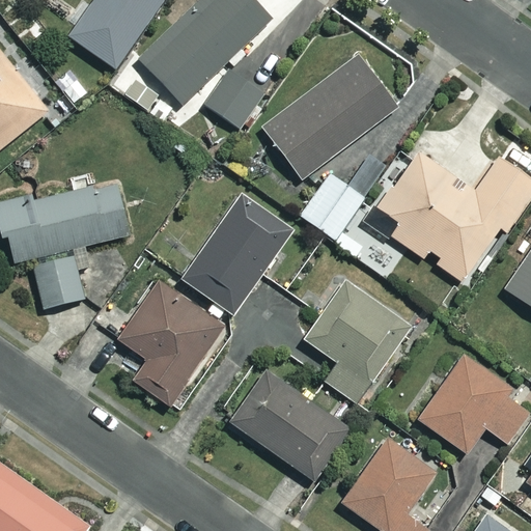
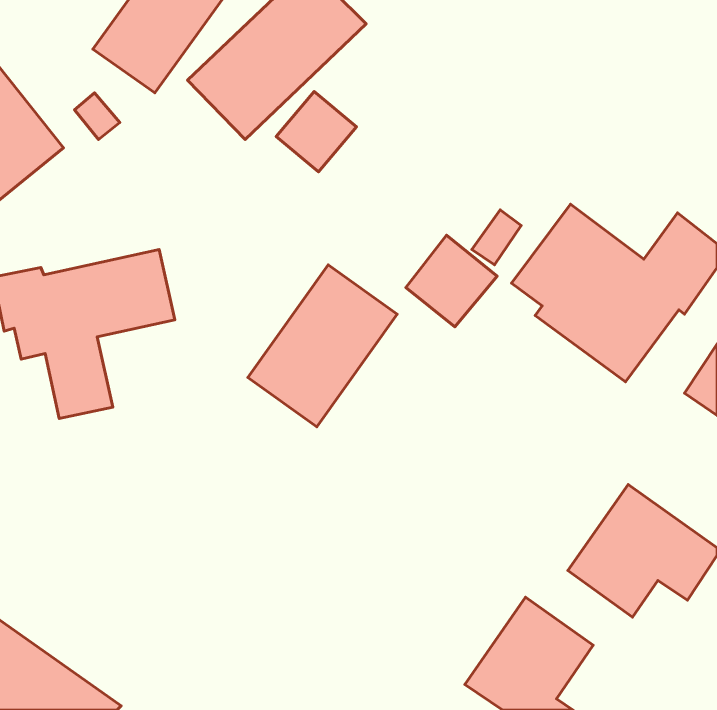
building: [260,55,394,178] -> none
building: [118,281,226,408] -> none
building: [304,283,411,403] -> none
building: [229,372,348,481] -> none

